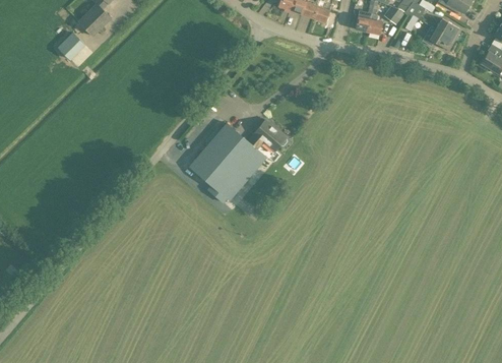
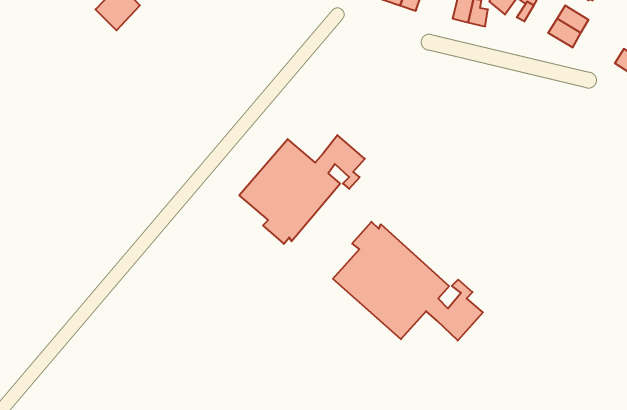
building: [55,31,83,59] -> none
building: none -> [333,222,483,341]

